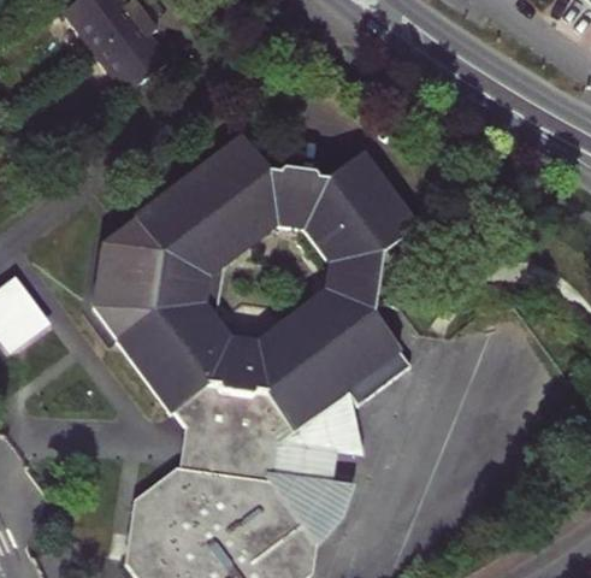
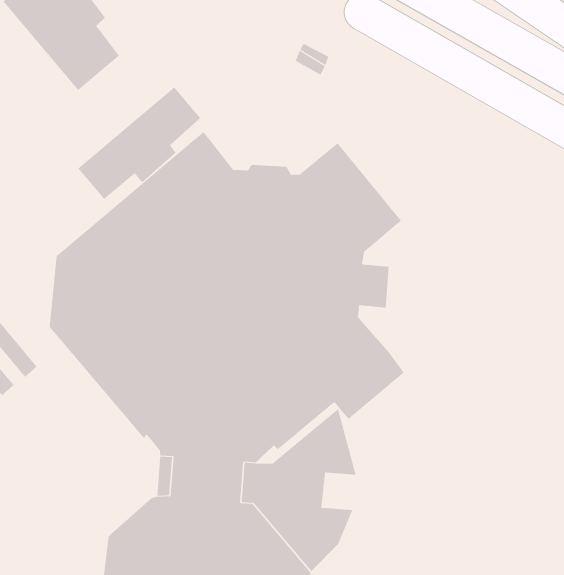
building: none -> [77,87,201,200]

